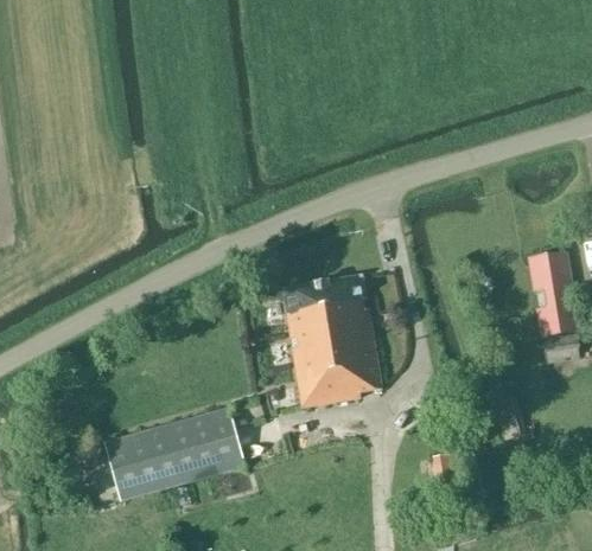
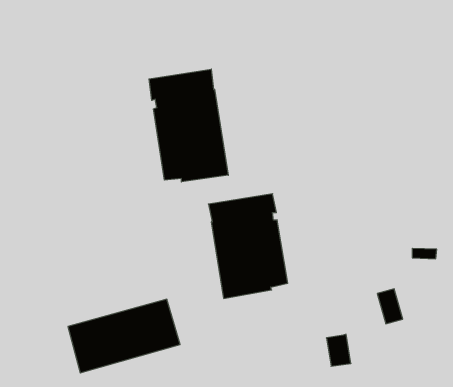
building: none -> [149,69,228,182]
building: [530,254,577,334] -> none

